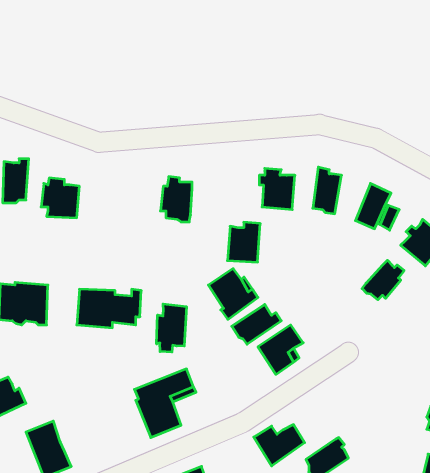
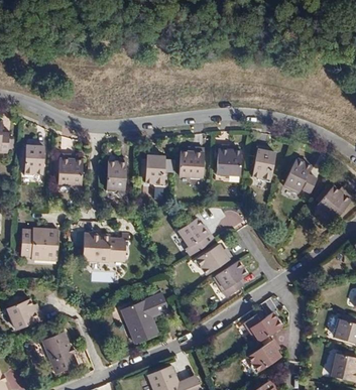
building: none -> [105,159,124,191]
building: [227,222,260,262] -> [177,148,202,177]
building: [362,260,404,300] -> none
building: [157,304,186,352] -> none
building: [254,425,305,466] -> [242,316,279,347]

